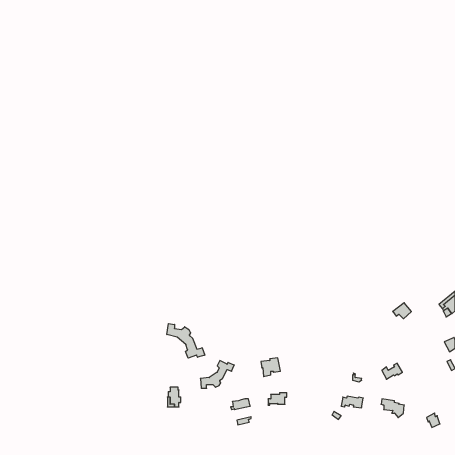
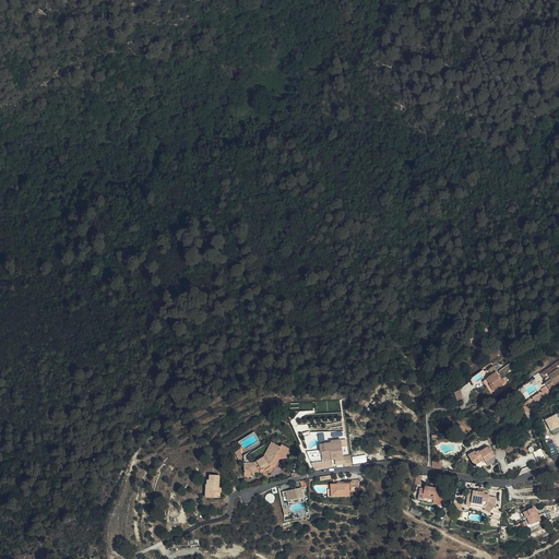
building: [167,324,205,358] -> none

